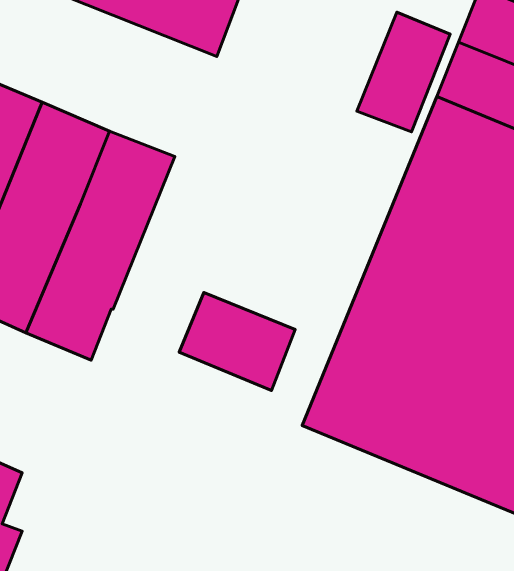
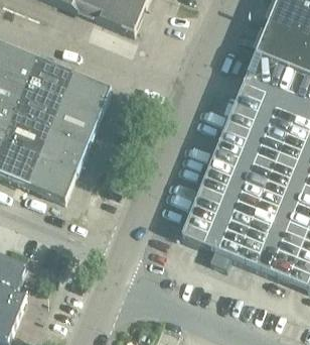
building: [357,12,450,132] -> none
building: [179,293,295,391] -> none

